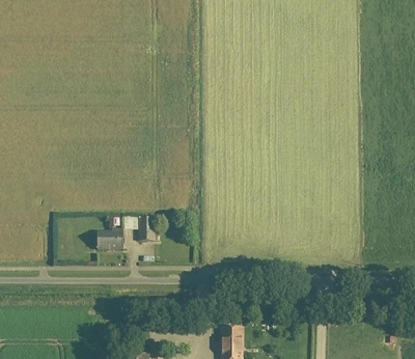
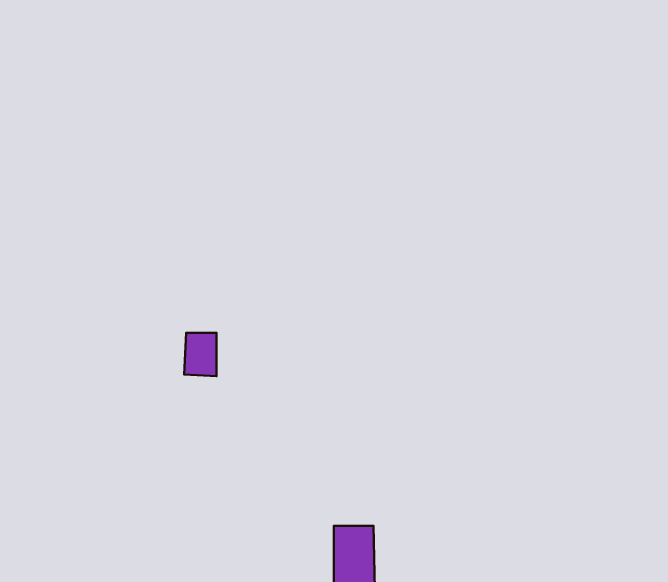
building: [93,227,122,249] -> none

